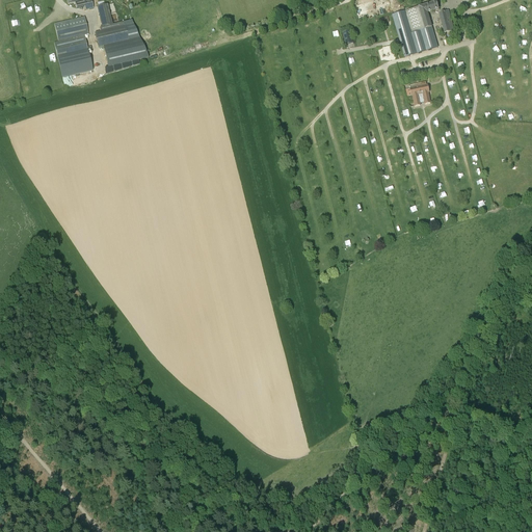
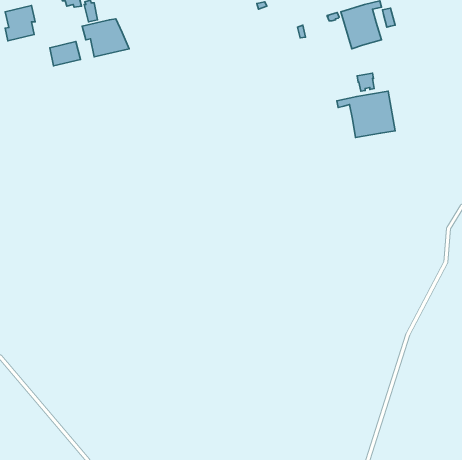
building: [54,15,88,55] -> [5,6,35,41]
building: none -> [337,91,395,138]

